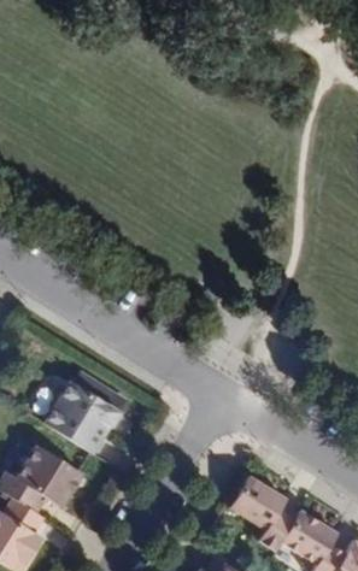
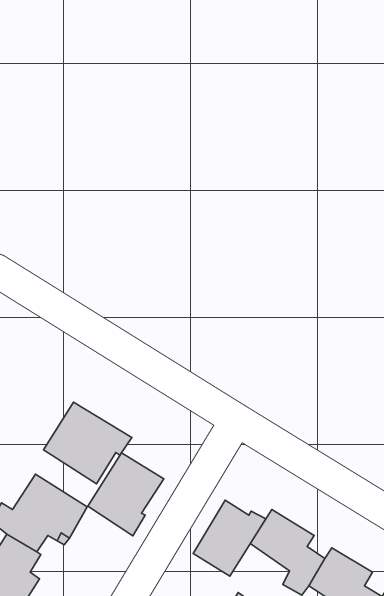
building: none -> [88,453,164,536]
building: none -> [193,500,266,576]

